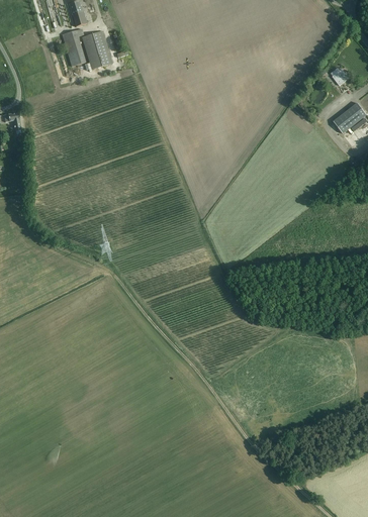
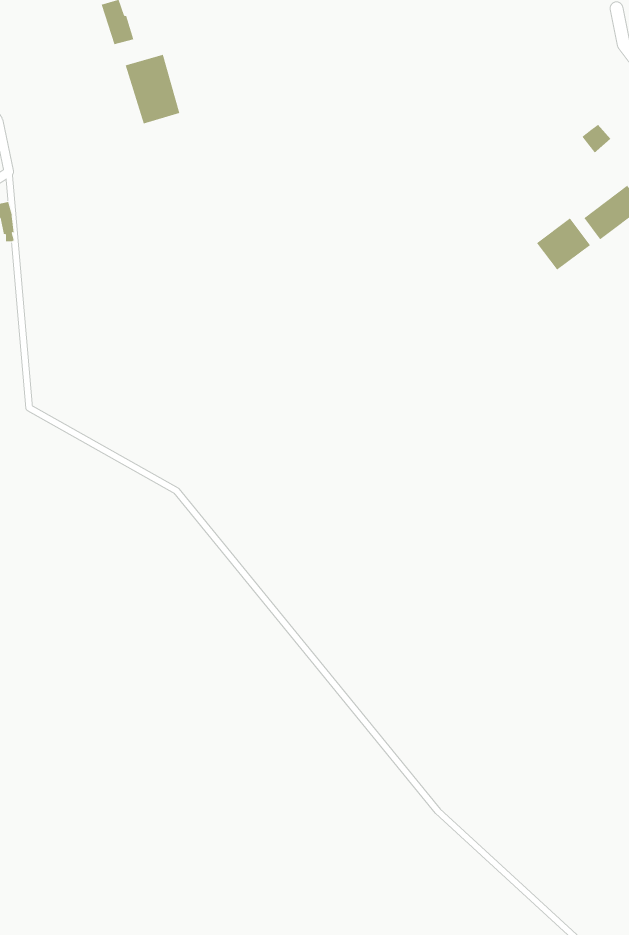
building: [63,28,86,66] -> none
building: none -> [536,217,591,271]

